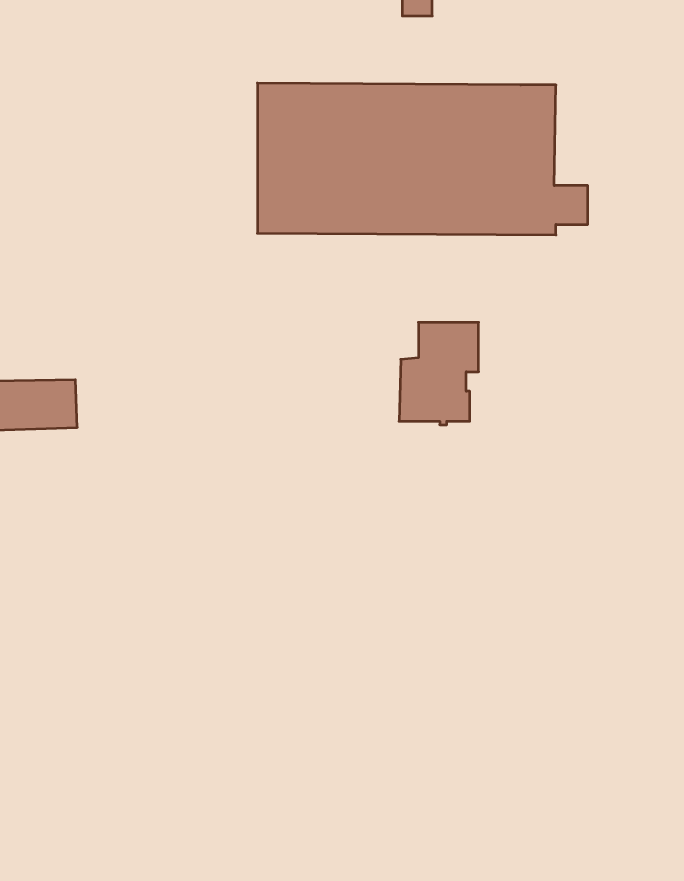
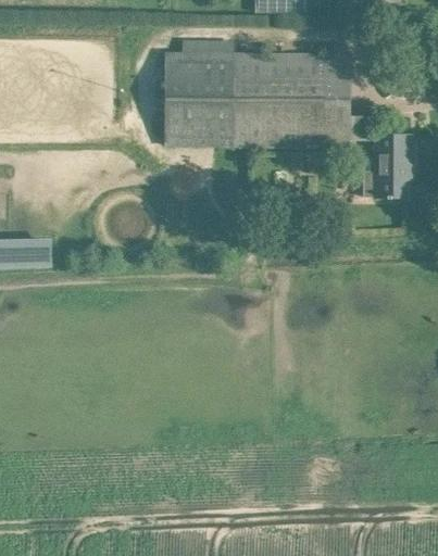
building: [399,322,479,425] -> [362,136,411,199]

